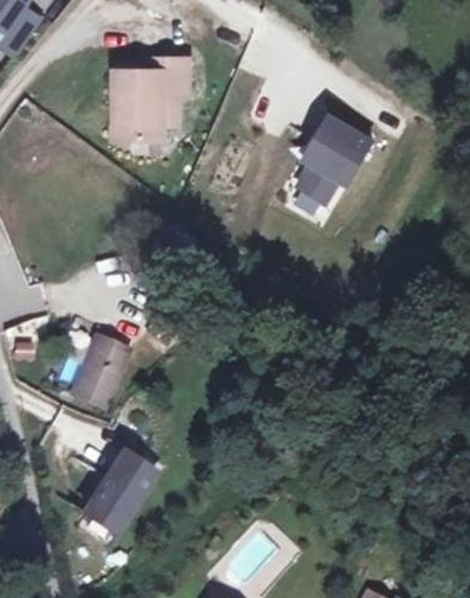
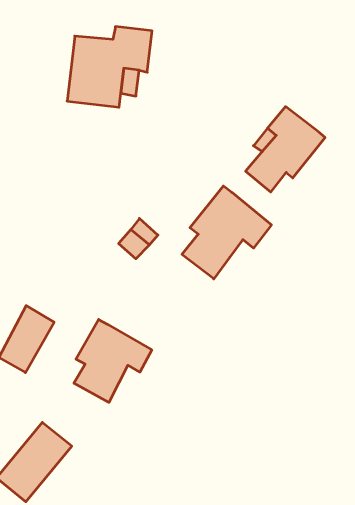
building: none -> [182,186,271,279]
building: none -> [74,319,152,402]

